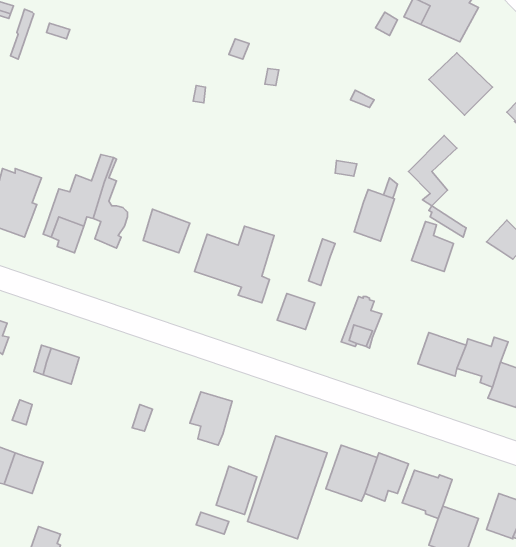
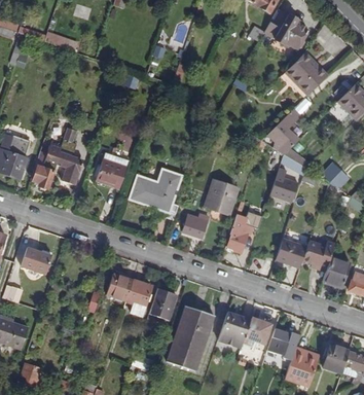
building: [354,190,395,241] -> [213,180,240,214]
building: none -> [106,271,134,298]
building: [216,466,257,514] -> [149,287,176,319]

